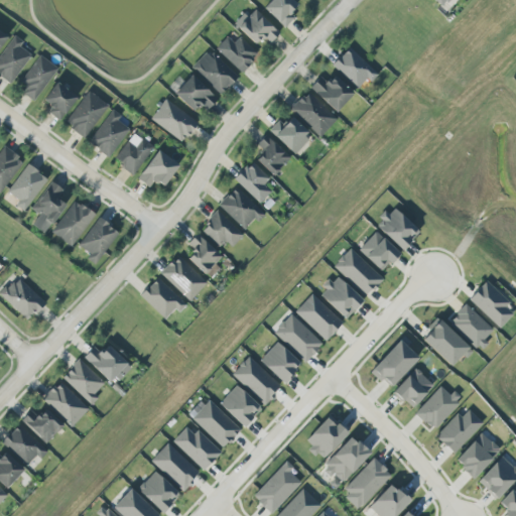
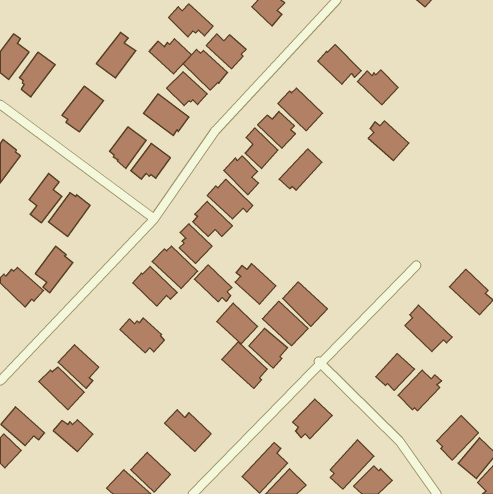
building: [235,9,281,43] -> [169,4,213,37]
building: none -> [149,39,192,74]
building: [311,75,354,111] -> [357,70,398,105]
building: [44,81,78,119] -> none
building: [89,109,130,156] -> [96,32,136,78]
building: none -> [279,149,322,190]
building: [9,163,47,210] -> none
building: [378,208,420,249] -> [368,121,409,161]
building: [80,216,119,264] -> [35,246,73,293]
building: [360,231,401,270] -> none
building: [335,248,384,294] -> none
building: none -> [194,265,232,302]
building: [321,276,364,318] -> [235,264,276,304]
building: [453,304,494,348] -> none
building: [370,336,419,386] -> none
building: [85,345,131,381] -> [120,318,164,353]
building: [220,384,262,426] -> [217,303,258,344]
building: [192,399,241,446] -> none
building: [22,409,63,442] -> [53,420,93,452]
building: [436,409,484,453] -> none
building: [325,436,371,481] -> none
building: [152,442,199,491] -> none

